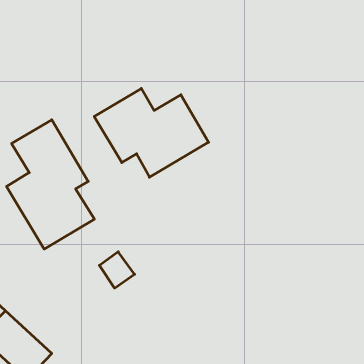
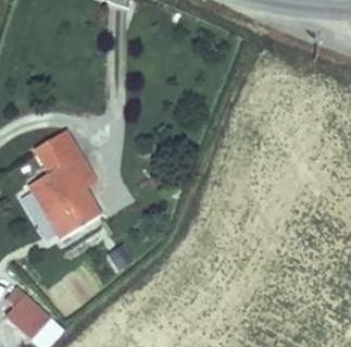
building: [94,88,209,177] -> none

